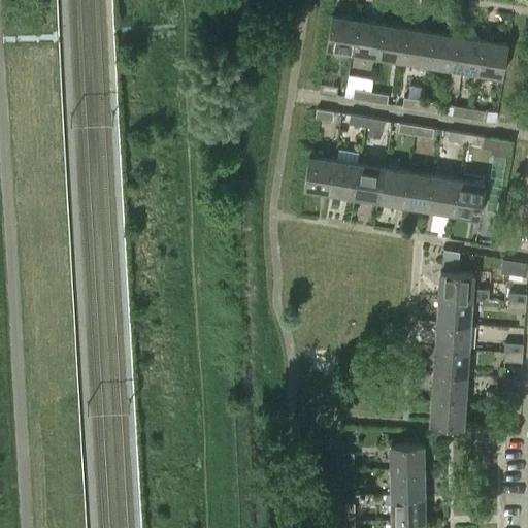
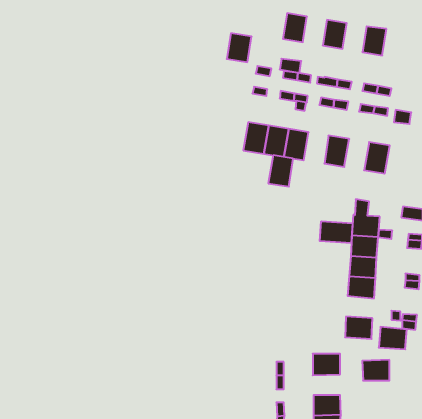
building: [328,16,359,53] -> [227,33,252,62]
building: [378,25,408,61] -> none
building: [428,33,458,69] -> none
building: [477,40,508,77] -> none
building: [380,169,410,208] -> [268,155,293,187]
building: [430,177,461,217] -> none
building: none -> [320,221,353,243]
building: [432,373,467,401] -> [379,327,407,349]
building: [391,471,425,497] -> [362,360,389,381]

